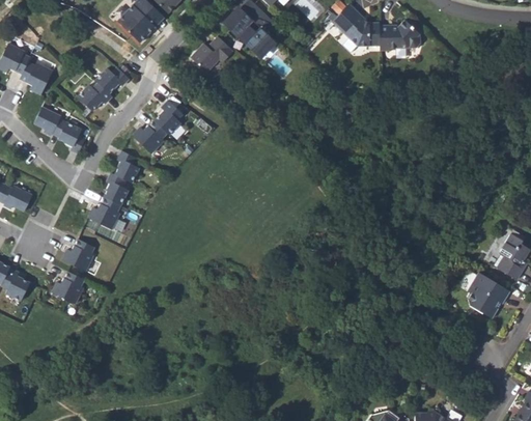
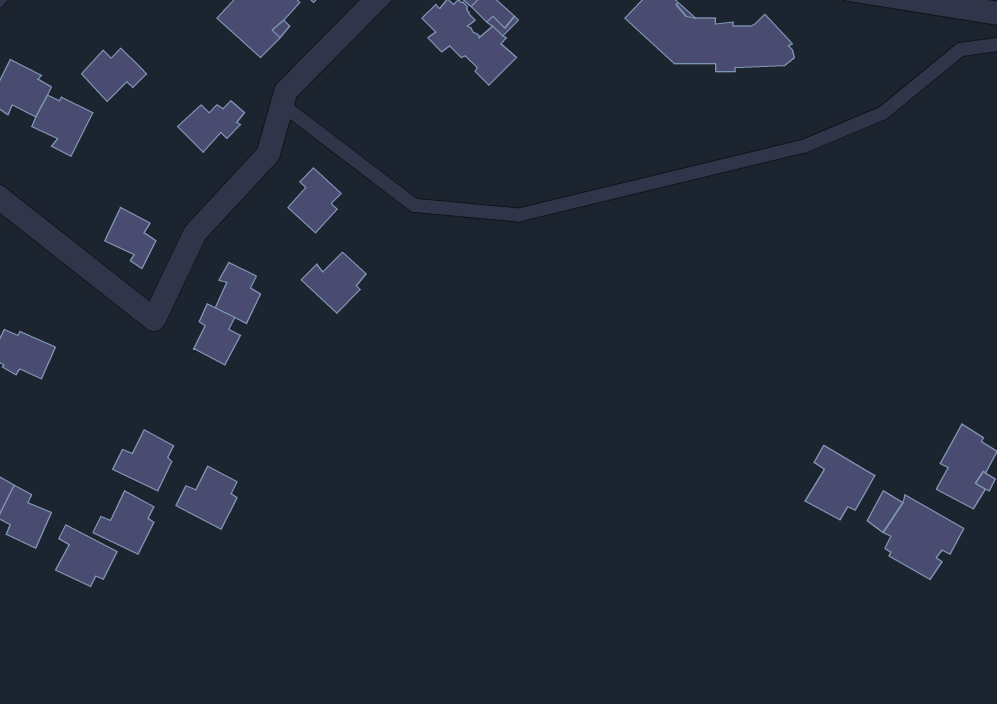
building: [190,36,232,73] -> none
building: [78,82,112,110] -> [82,48,147,101]
building: [33,107,65,137] -> none
building: [132,121,166,153] -> [301,252,366,313]
building: [88,196,120,229] -> [176,466,237,529]
building: none -> [805,445,875,520]
building: none -> [56,525,117,587]

